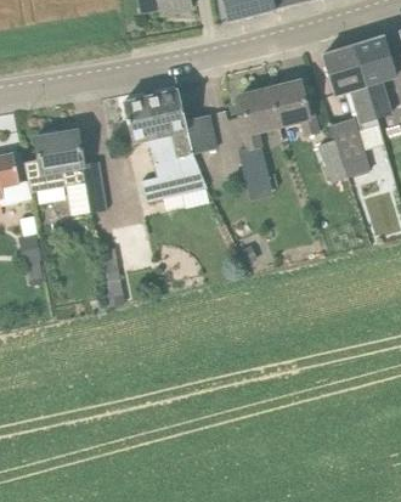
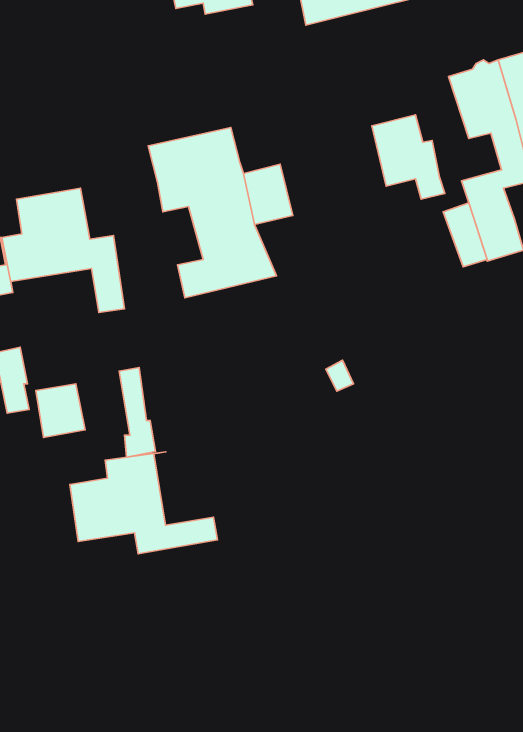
building: [239,88,281,181] -> none
building: none -> [36,384,85,437]
building: none -> [70,452,218,554]

